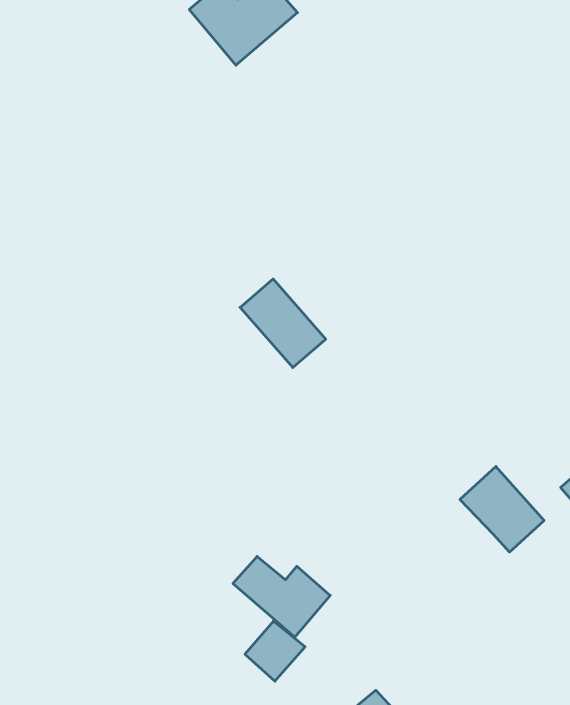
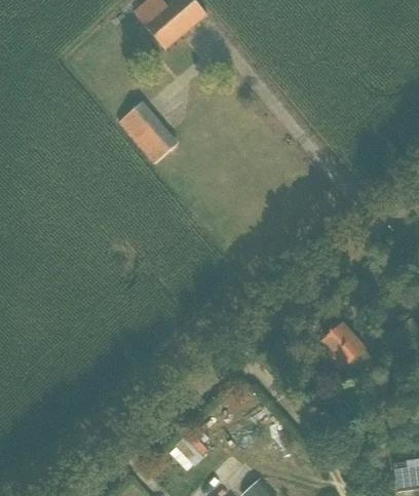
building: [240,279,326,368] -> [119,102,178,162]
building: [233,556,330,637] -> none

